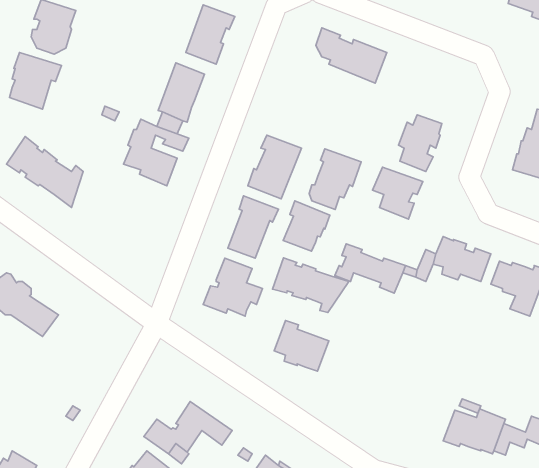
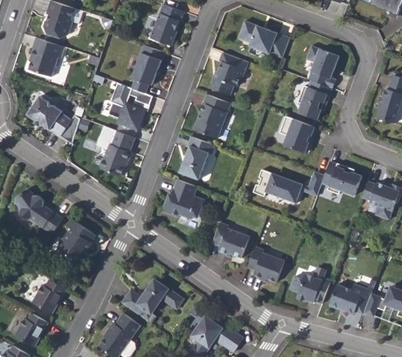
building: none -> [305,46,338,88]
building: [309,149,361,210] -> [211,52,247,94]
building: none -> [100,131,135,175]
building: [283,201,330,251] -> none
building: [273,258,349,312] -> none
building: none -> [57,218,95,261]
building: none -> [247,246,284,282]
building: none -> [289,266,330,303]
building: none -> [31,278,65,313]

